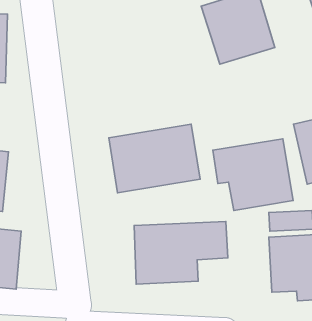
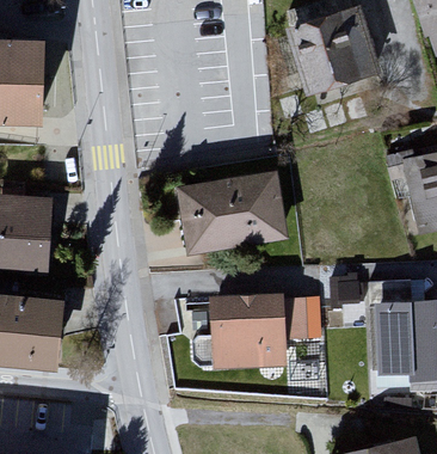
building: [213,139,293,211] -> none

